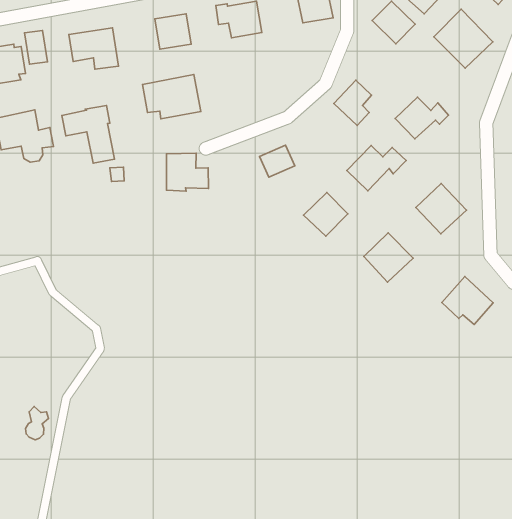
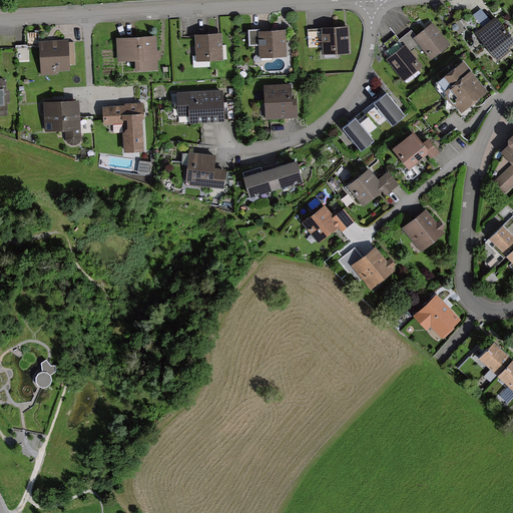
building: [25,31,48,64] -> none
building: none -> [364,93,403,125]
building: none -> [266,85,298,121]
building: none -> [243,166,277,193]

